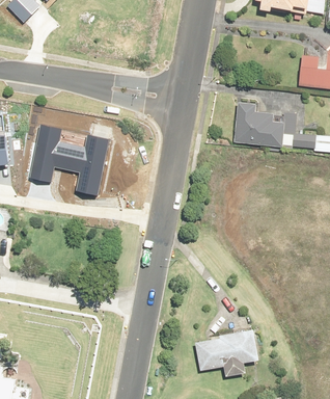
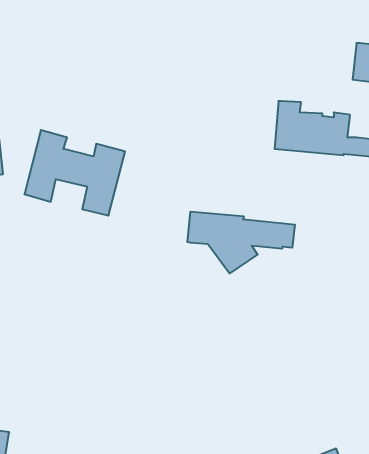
building: none -> [187,212,295,273]
building: [195,329,258,376] -> none

